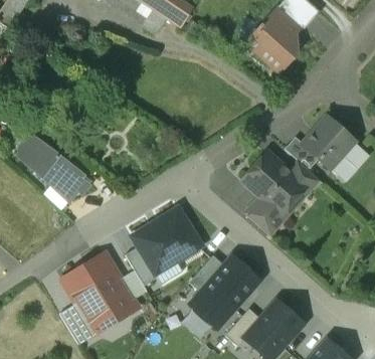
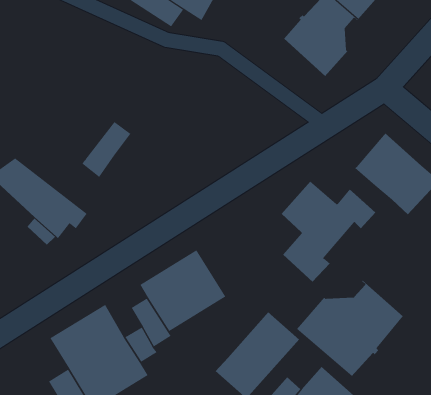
building: none -> [81,121,131,178]
building: [285,136,319,169] -> none
building: none -> [296,280,404,377]
building: [190,255,226,294] -> none

